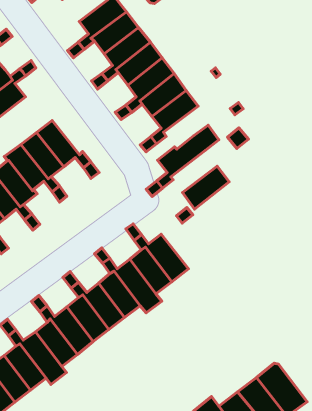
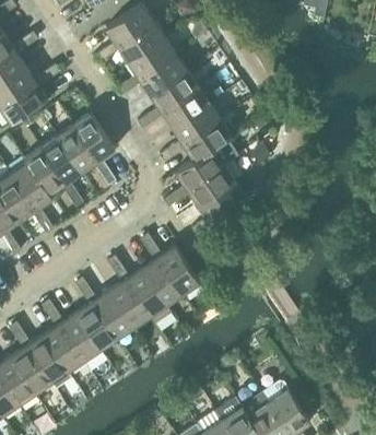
building: none -> [184,120,232,162]
building: none -> [73,114,115,162]
building: none -> [188,165,235,205]

